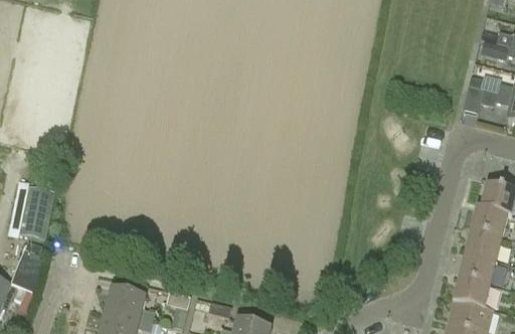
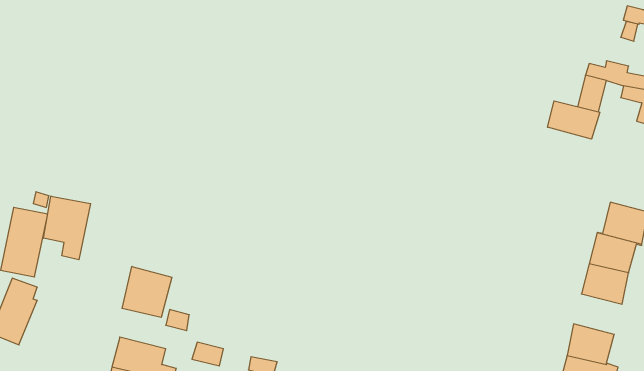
building: none -> [548,101,600,139]
building: none -> [43,196,91,260]
building: none -> [122,266,172,317]
building: [458,255,495,286] -> none

